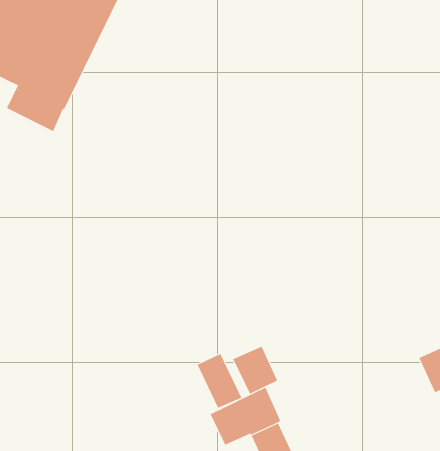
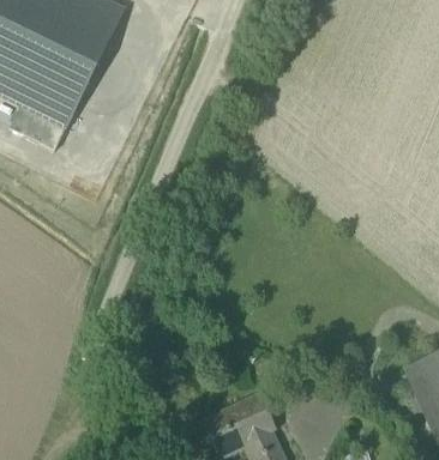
building: [233,346,278,394] -> none
building: [197,353,242,409] -> none

